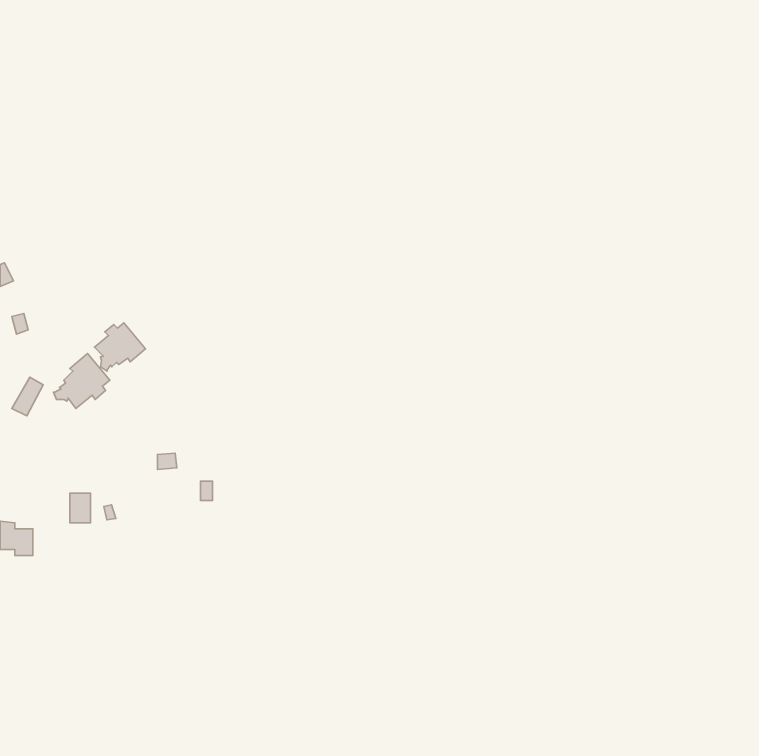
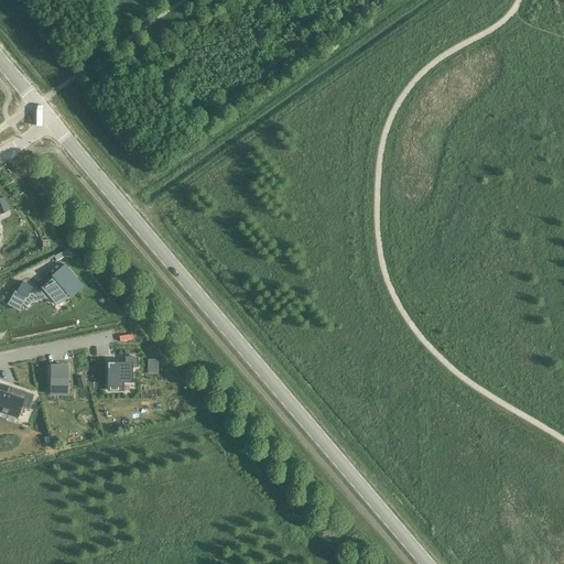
building: [95,323,146,371] -> none
building: none -> [109,356,137,388]

